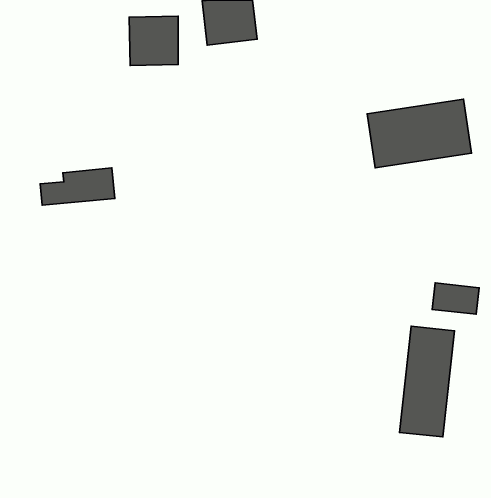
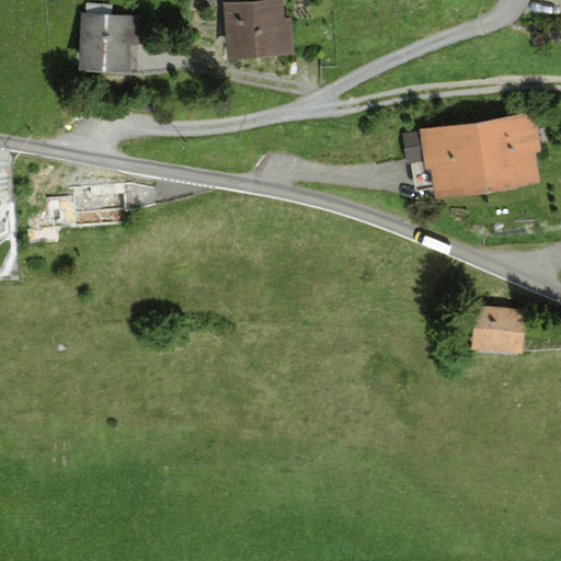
building: [129,16,178,65] -> [82,13,137,68]
building: [399,326,455,437] -> none

